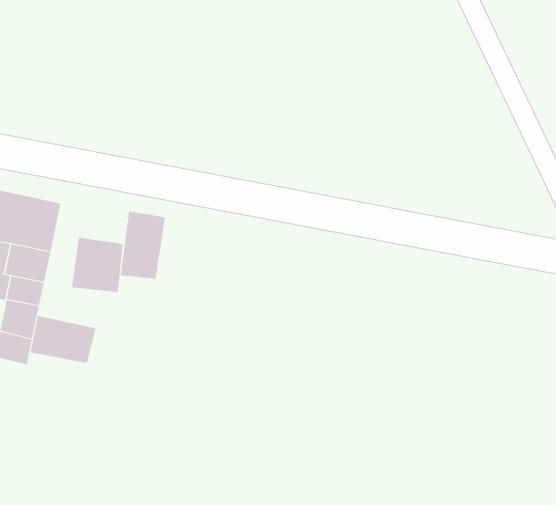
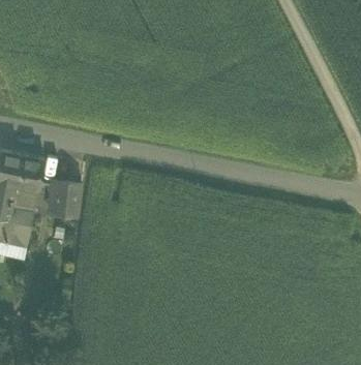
building: [120,210,165,280] -> none
building: [30,315,96,364] -> none

